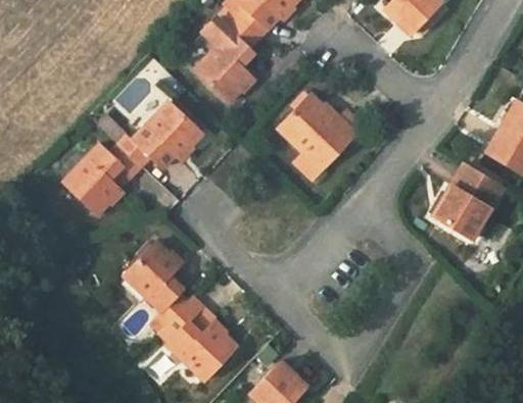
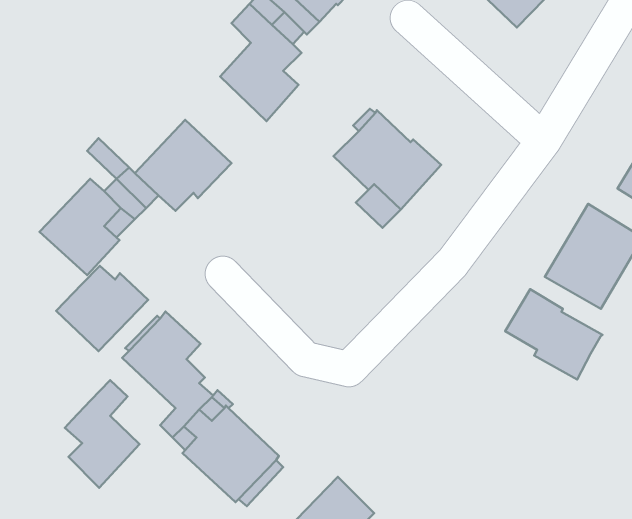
building: none -> [56,266,148,351]
building: none -> [505,289,602,380]
building: none -> [65,380,139,488]

